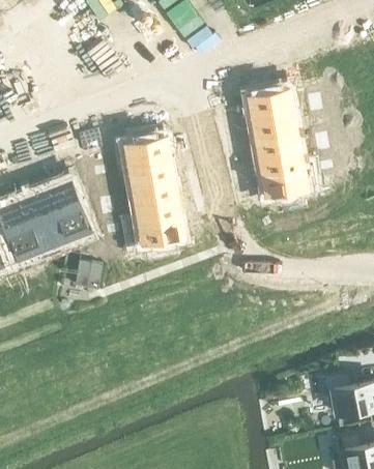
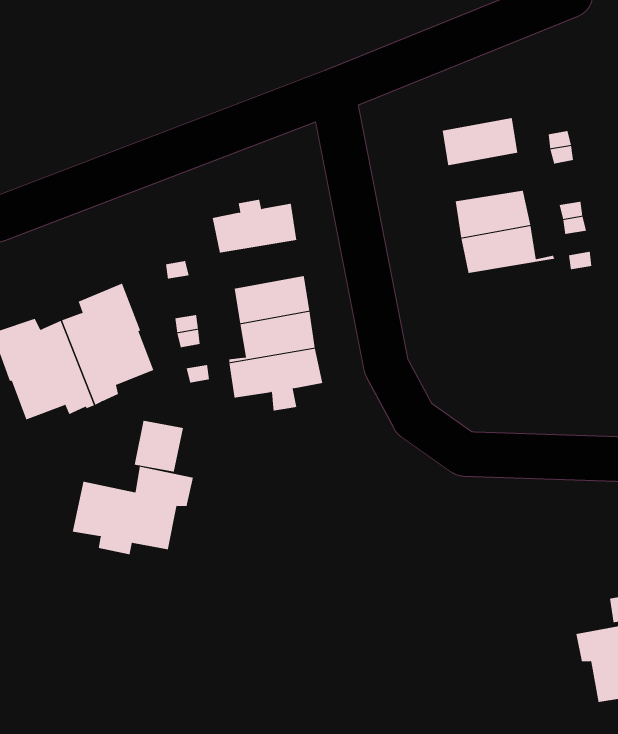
building: [251,109,293,136] -> none
building: [123,157,171,184] -> none
building: [262,168,314,204] -> none
building: none -> [72,466,194,555]

